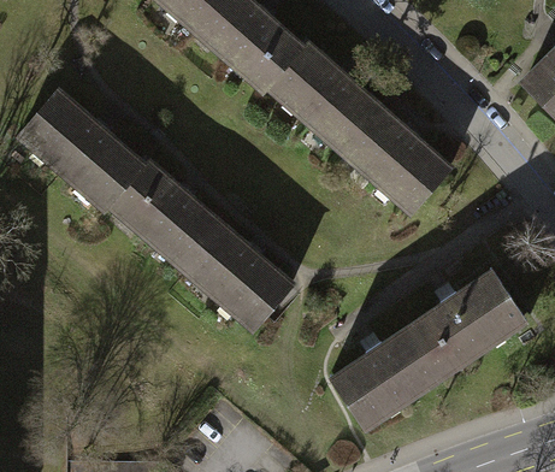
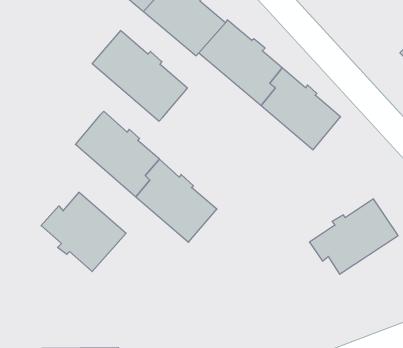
building: [19,93,141,208] -> [92,31,187,121]
building: none -> [41,192,126,272]
building: [327,329,447,427] -> none

